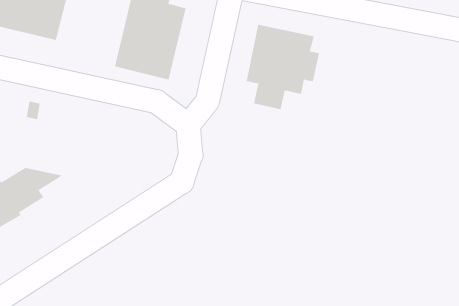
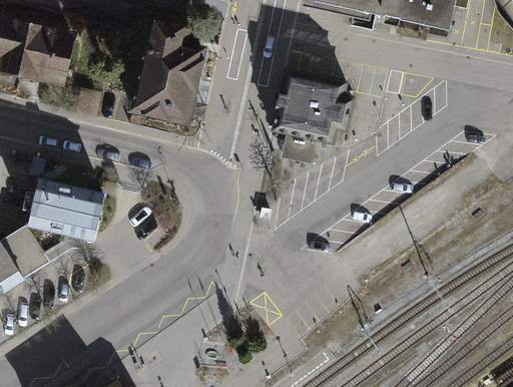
building: none -> [24,178,105,240]

